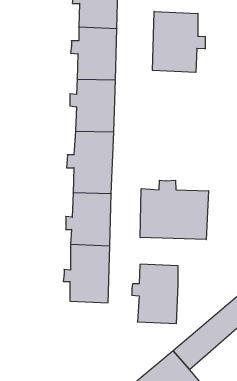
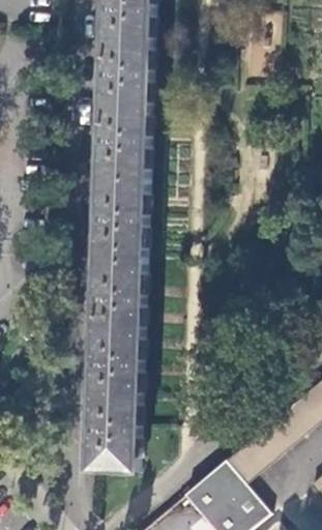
building: [152,11,205,72] -> none
building: [140,180,208,240] -> none
building: [132,264,178,324] -> [81,398,140,473]

